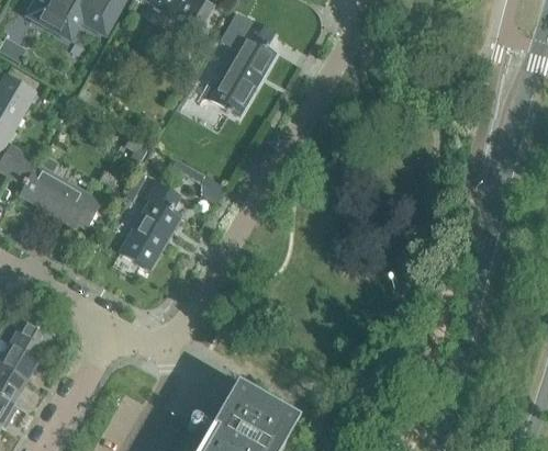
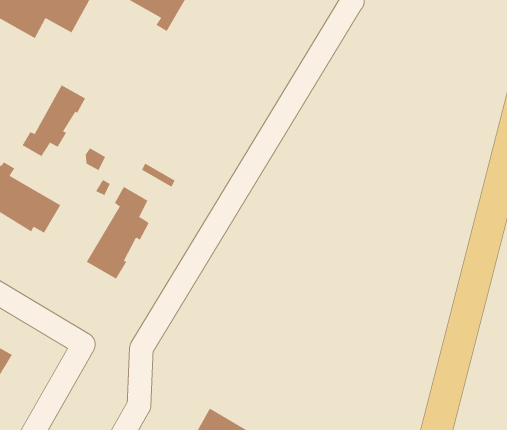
building: [208,12,275,115] -> none
building: none -> [22,85,86,157]

